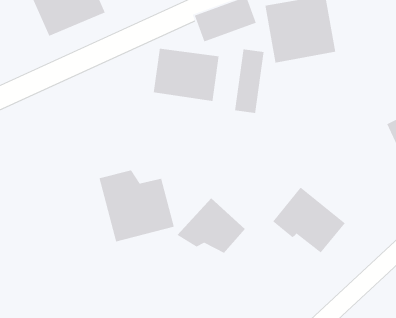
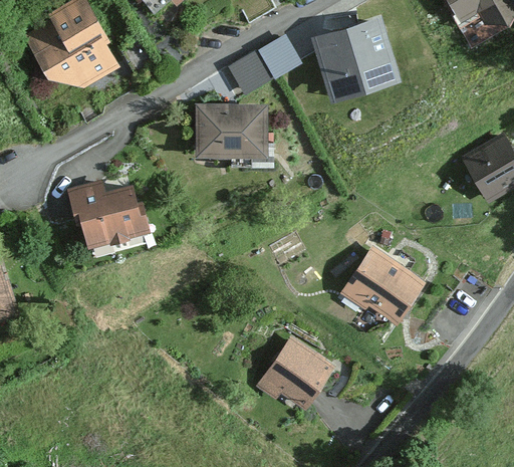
building: [234,49,264,114] -> none
building: [98,169,175,243] -> [68,182,165,269]
building: [177,198,246,254] -> [255,337,334,401]

